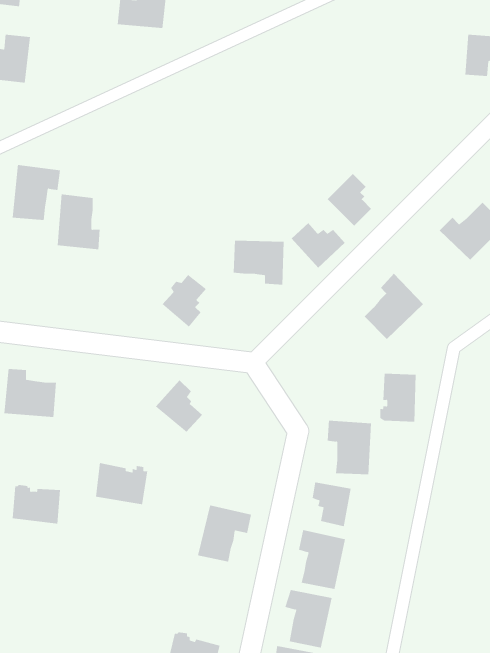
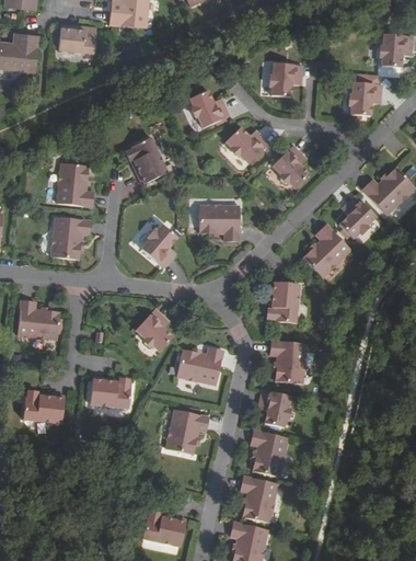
building: none -> [54,28,92,55]
building: none -> [271,61,302,95]
building: none -> [351,82,382,115]
building: none -> [190,88,230,126]
building: none -> [125,136,165,182]
building: [12,165,61,221] -> [49,215,89,260]
building: [291,222,345,269] -> [226,126,269,163]
building: none -> [340,195,377,239]
building: [380,373,416,422] -> [268,284,298,323]
building: none -> [177,347,226,385]

